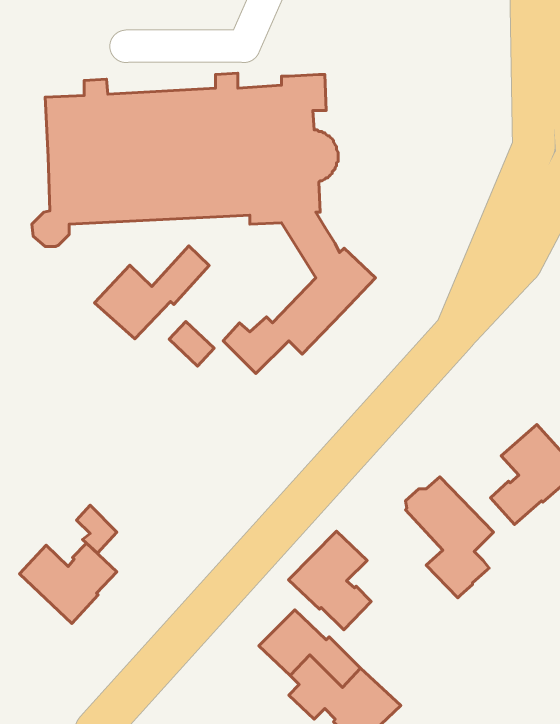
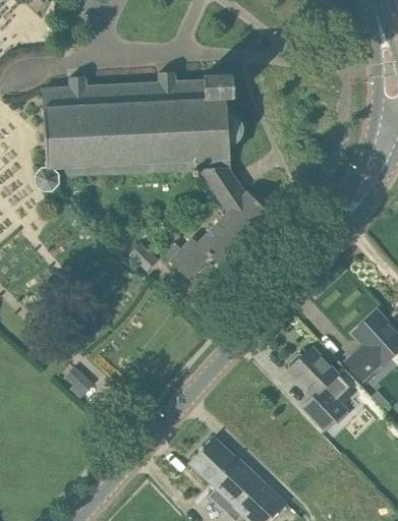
building: [95,246,209,339] -> none
building: [289,531,371,630] -> none
building: [20,543,117,623] -> none

